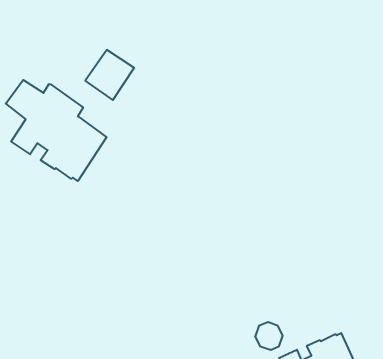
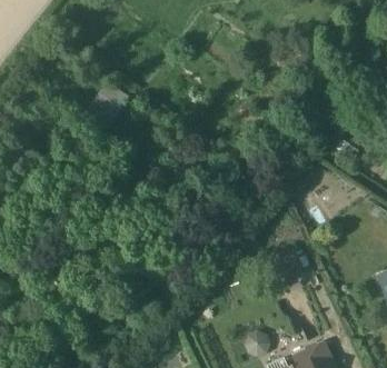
building: [6,80,107,181] -> none

